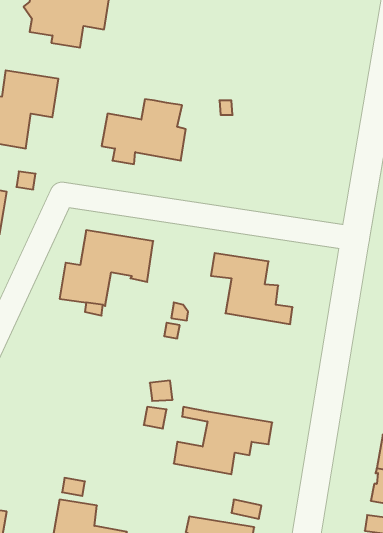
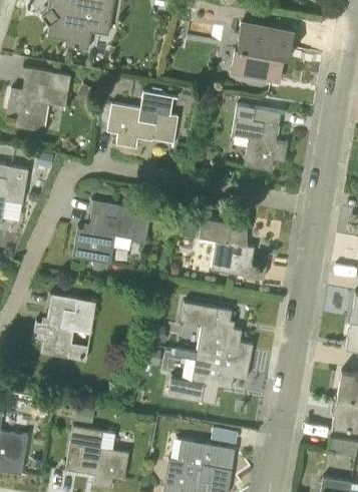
building: none -> [231,23,295,81]
building: none -> [232,104,287,170]
building: none -> [33,295,96,361]
building: none -> [181,302,253,361]

